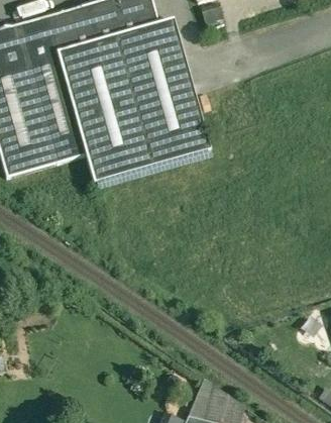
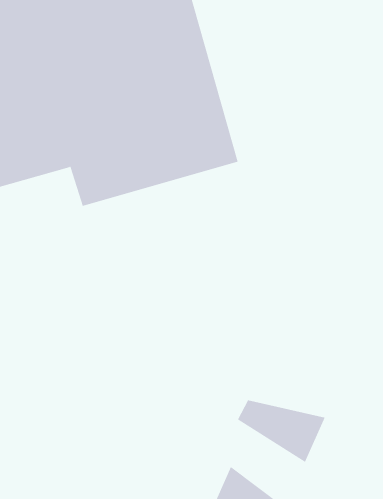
building: none -> [237,399,325,463]

